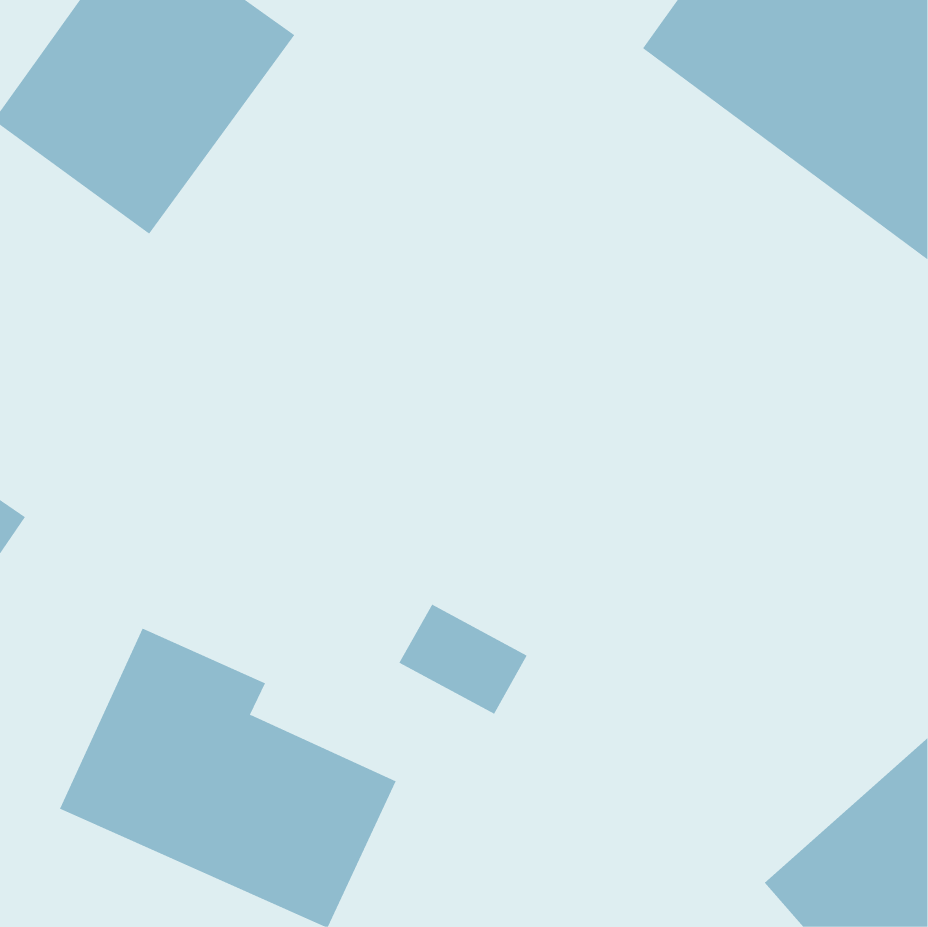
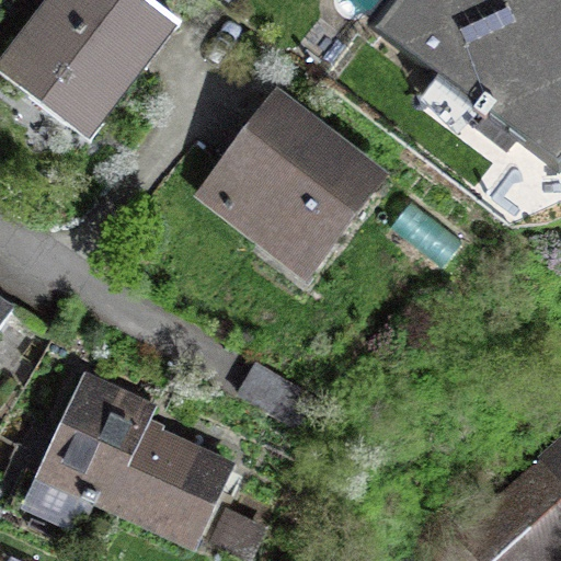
building: none -> [194,89,393,286]

